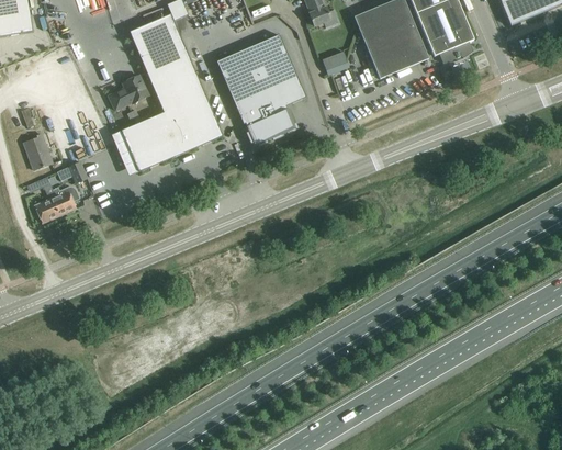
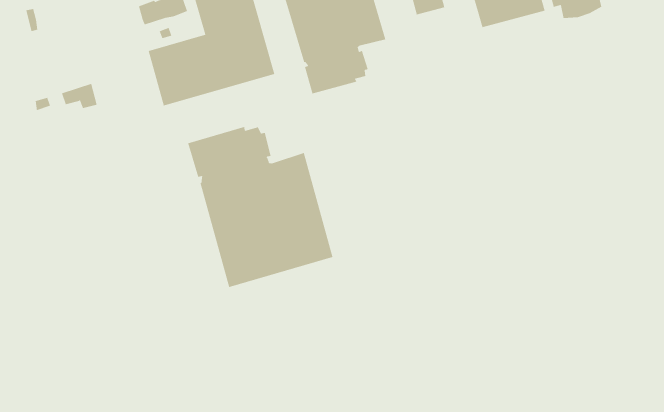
building: [23,133,53,169] -> none
building: none -> [188,126,333,288]
building: [34,185,79,222] -> none

